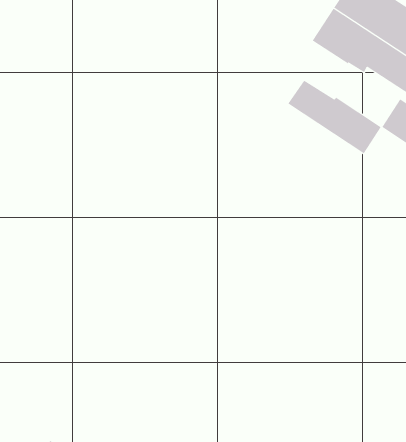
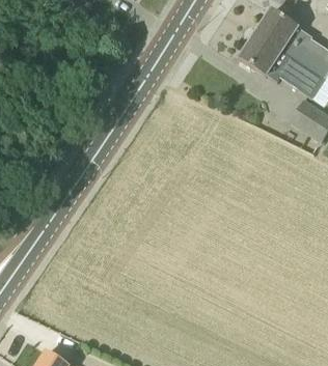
building: [288,80,381,154] -> none

